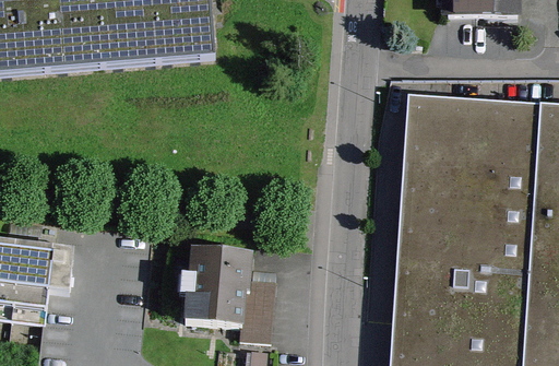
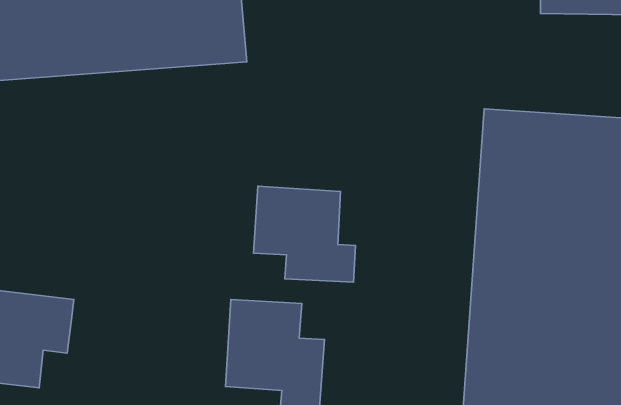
building: none -> [253,186,356,282]

